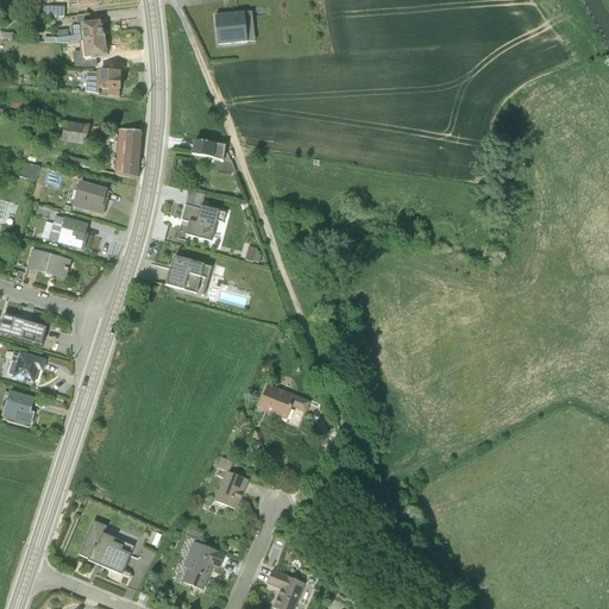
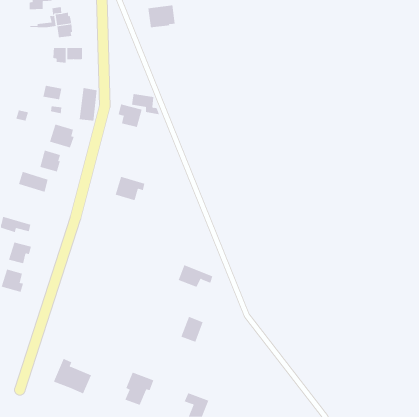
building: [182,203,218,238] -> [118,104,143,128]
building: [214,470,247,508] -> [180,316,203,342]

